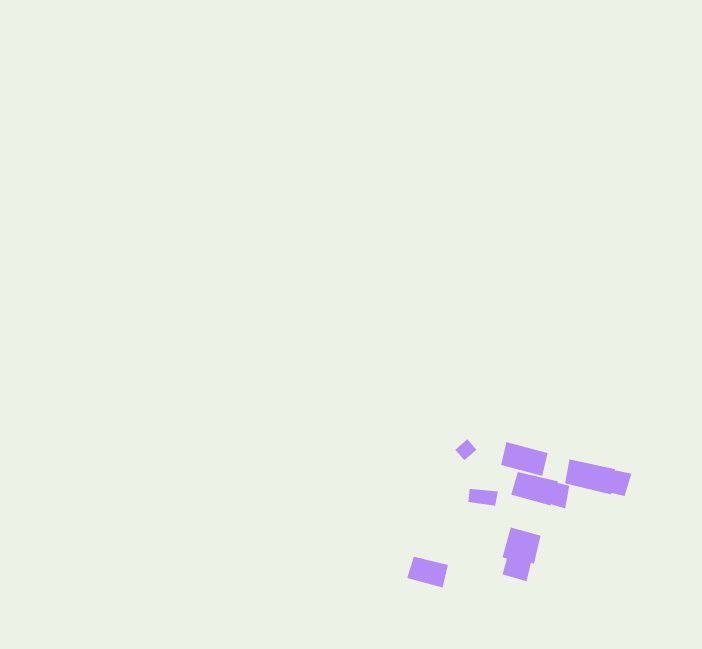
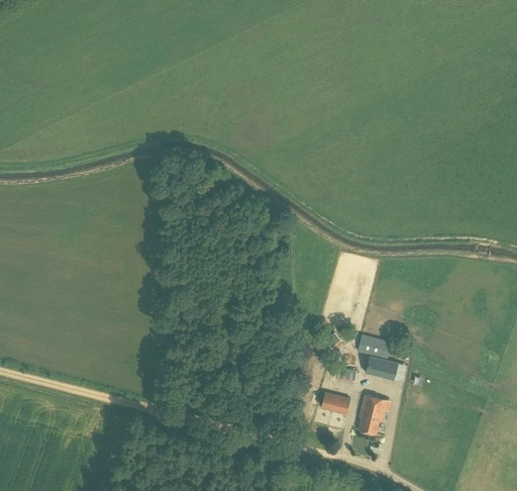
building: [564,459,633,497] -> none
building: [406,556,449,589] -> [320,392,350,415]

